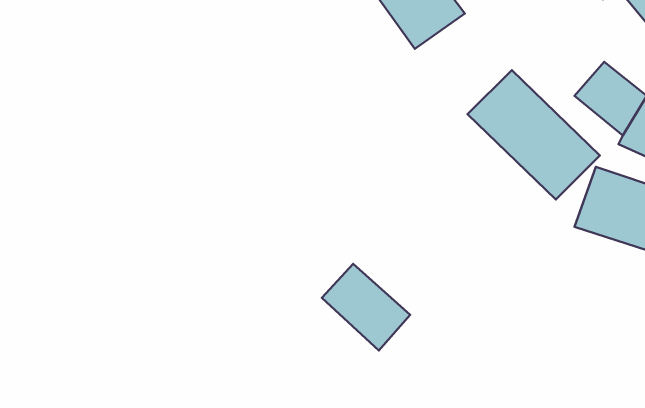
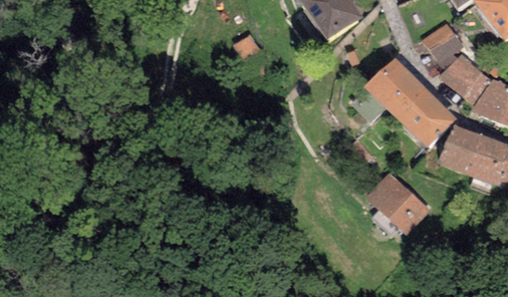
building: none -> [422,20,464,62]
building: [322,264,410,350] -> [365,172,428,233]

